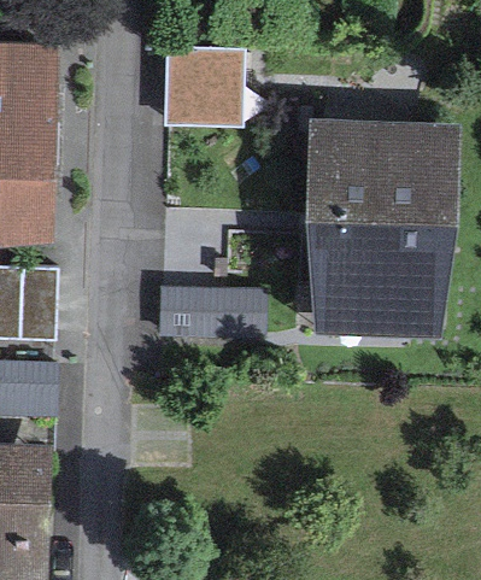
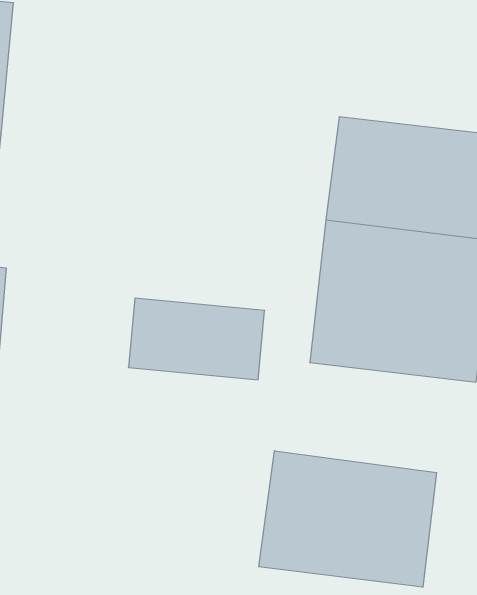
building: [165,48,244,129] -> none
building: none -> [259,451,437,587]

